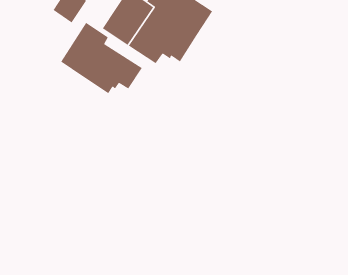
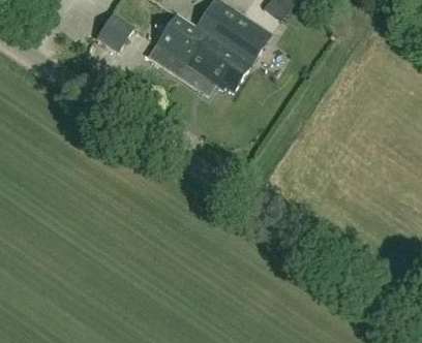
building: [60,22,143,94] -> none

